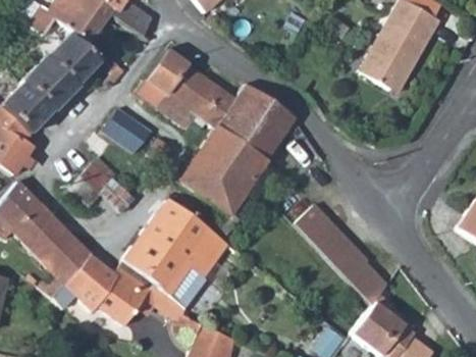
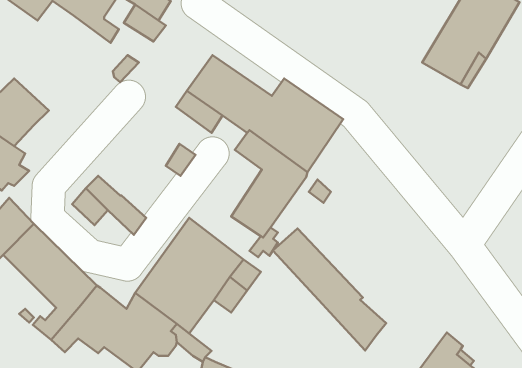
building: [21,31,106,111] -> none
building: [137,49,188,106] -> none
building: [105,109,152,151] -> none
building: [179,142,228,197] -> none
building: [296,204,389,305] -> [273,228,386,350]

